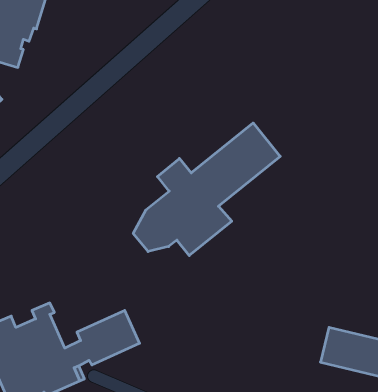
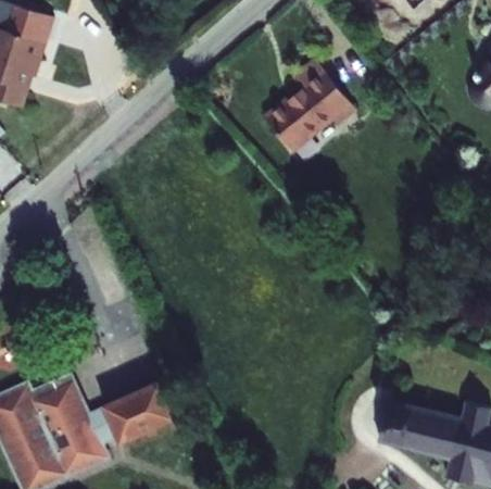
building: none -> [267,51,364,148]
building: [133,123,280,256] -> none

